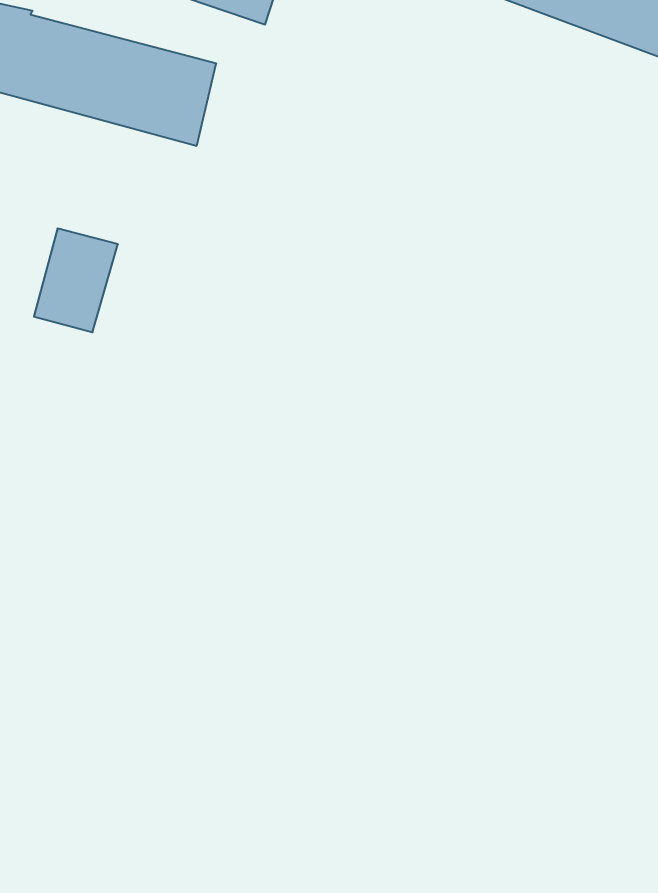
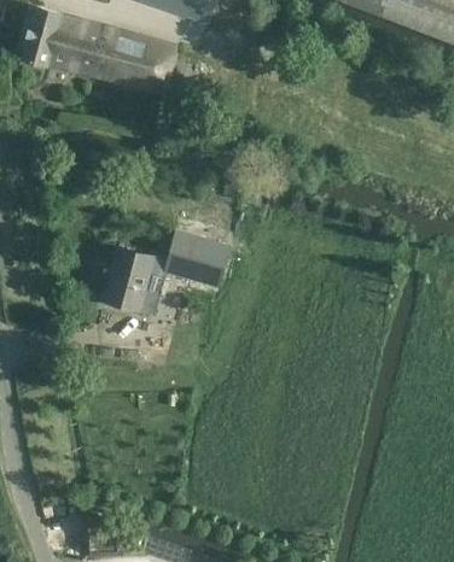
building: [34,229,118,332] -> [104,246,156,310]
building: none -> [163,238,223,285]

